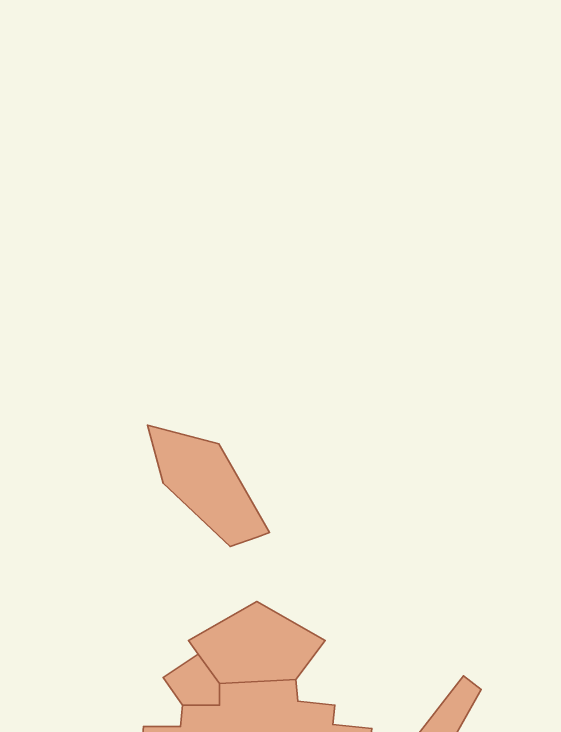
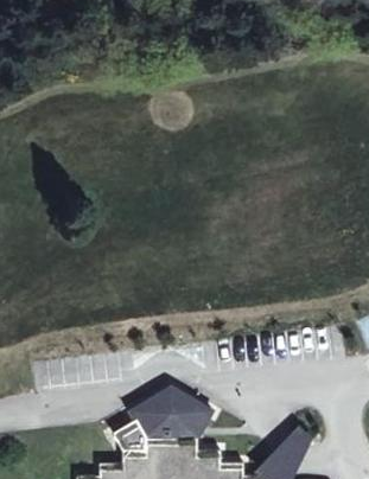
building: [147,425,269,546] -> none

